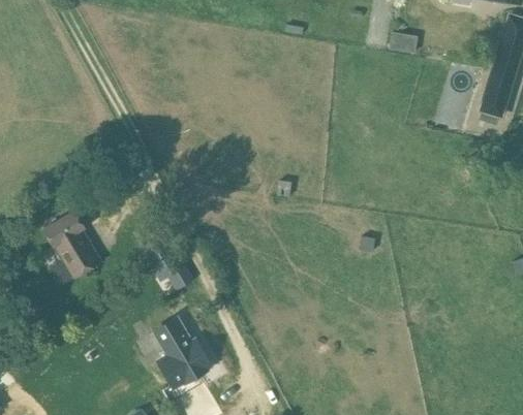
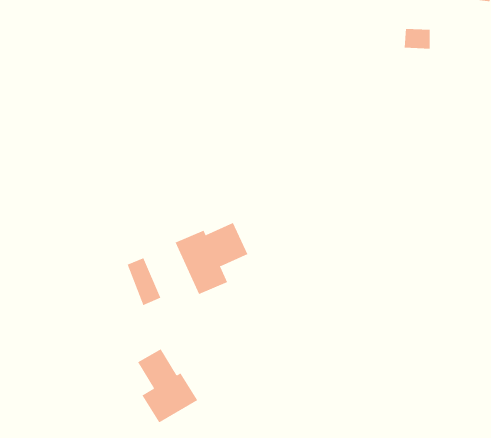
building: none -> [175,222,248,295]
building: [42,212,100,275] -> none

